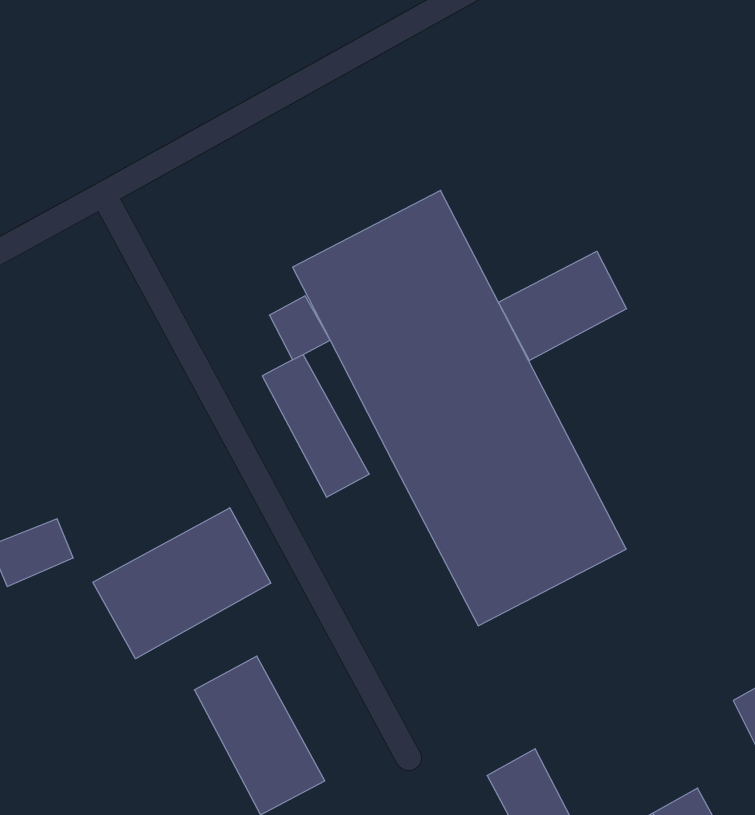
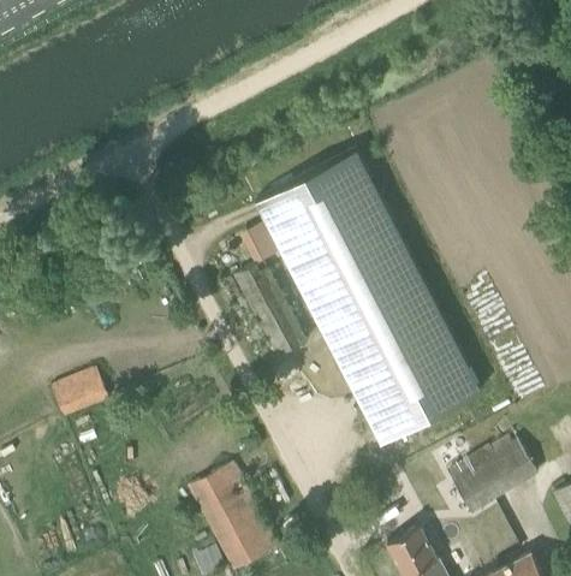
building: [498,251,627,361] -> none
building: [93,508,271,659] -> none
building: none -> [448,438,539,515]

